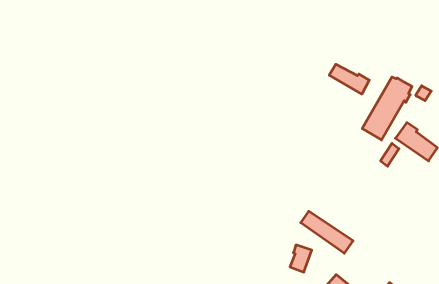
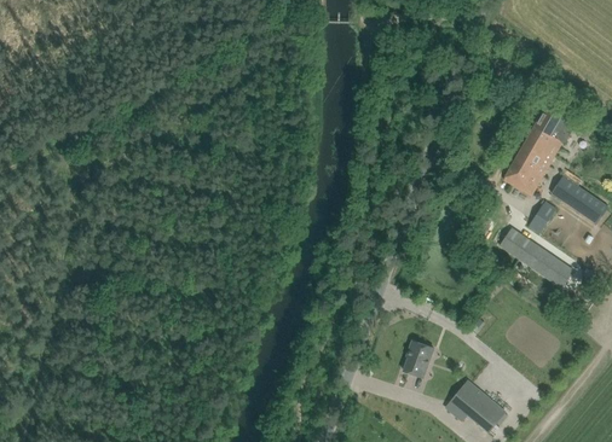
building: [329,64,369,94] -> none
building: [301,211,353,253] -> [500,229,572,287]

